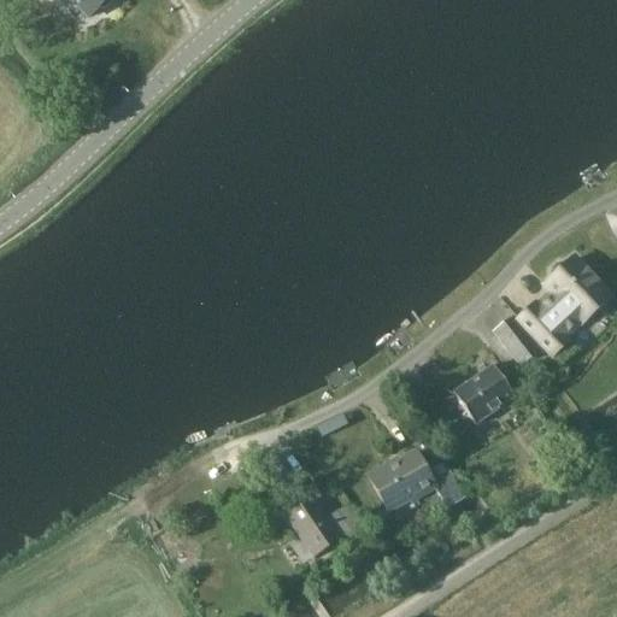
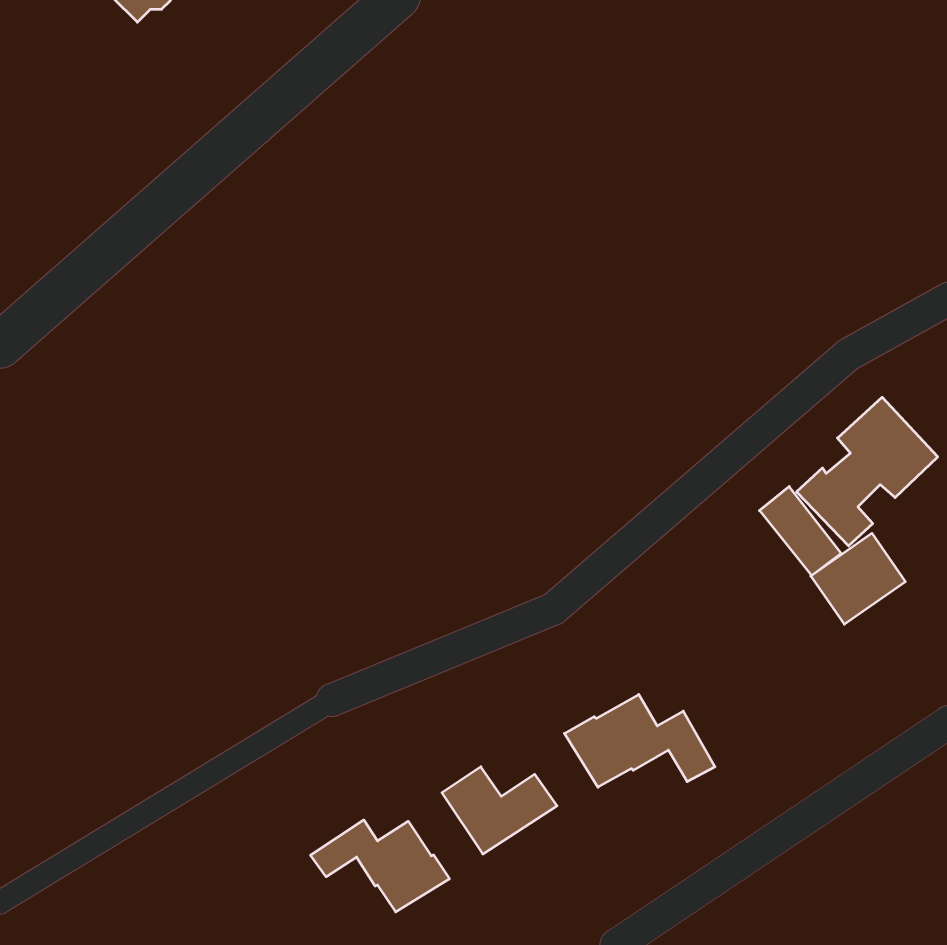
building: [453,365,515,424] -> [811,533,905,624]
building: none -> [311,820,449,912]

